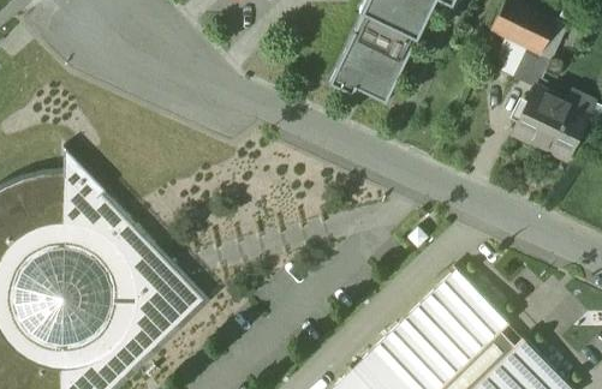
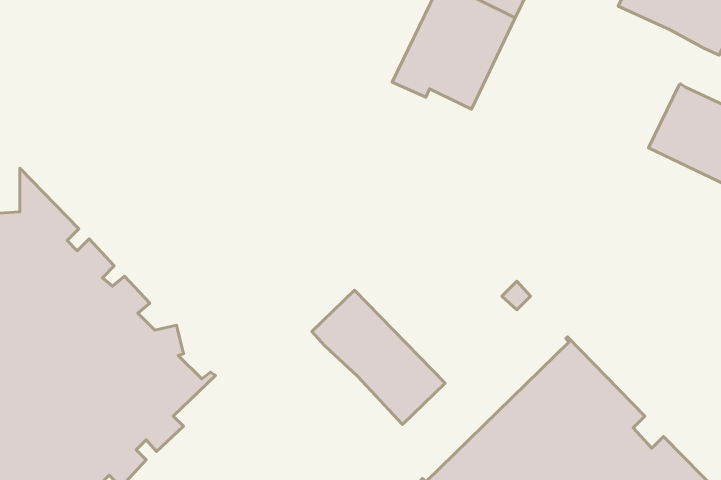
building: [513,47,552,88] -> none
building: none -> [312,290,445,425]

